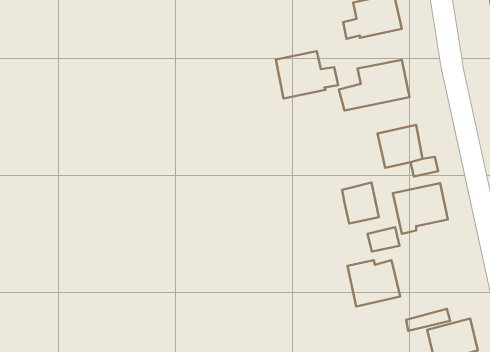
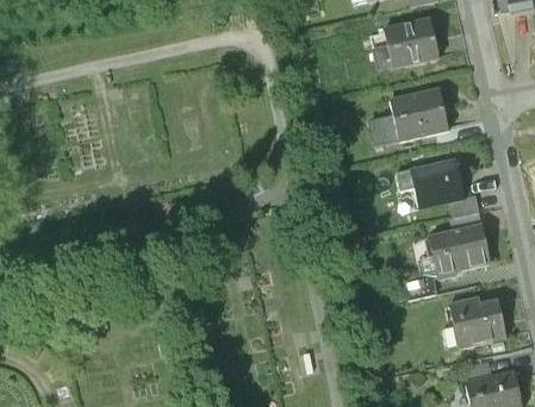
building: [276,51,338,99] -> none
building: [342,183,379,224] -> none
building: [347,260,400,307] -> [449,295,506,345]

